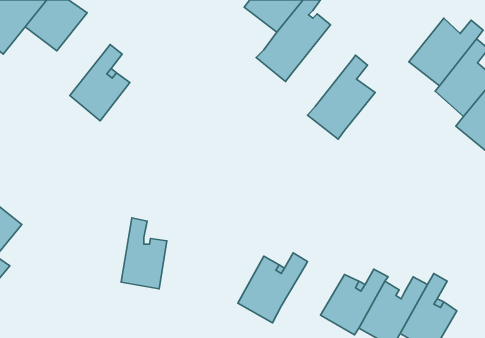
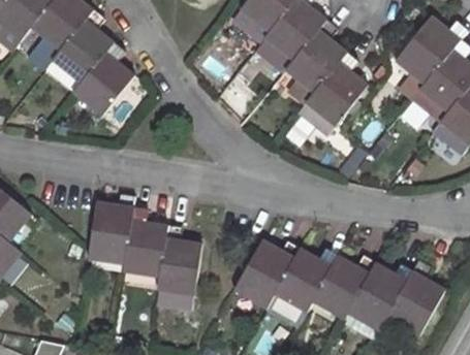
building: none -> [38,10,108,99]
building: none -> [284,21,342,101]
building: none -> [87,194,133,261]
building: none -> [156,224,198,293]
building: none -> [274,249,336,309]

